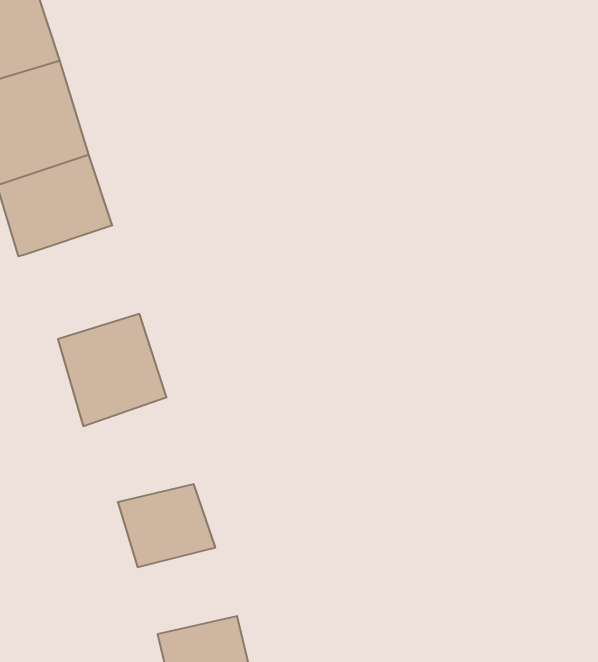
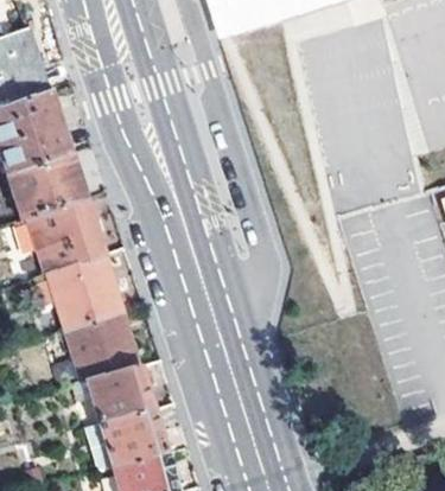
building: none -> [28,198,103,274]
building: none -> [66,311,139,381]
building: none -> [102,409,167,466]

